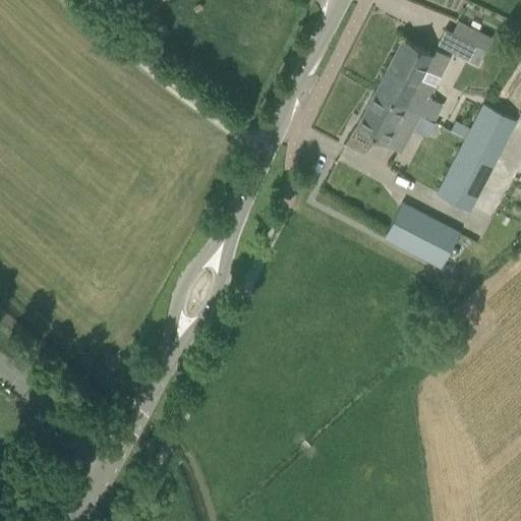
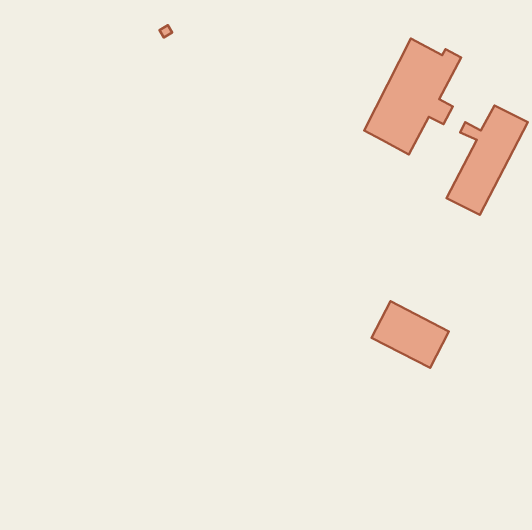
building: [438,21,493,67] -> none
building: [384,205,459,270] -> [372,301,449,368]

